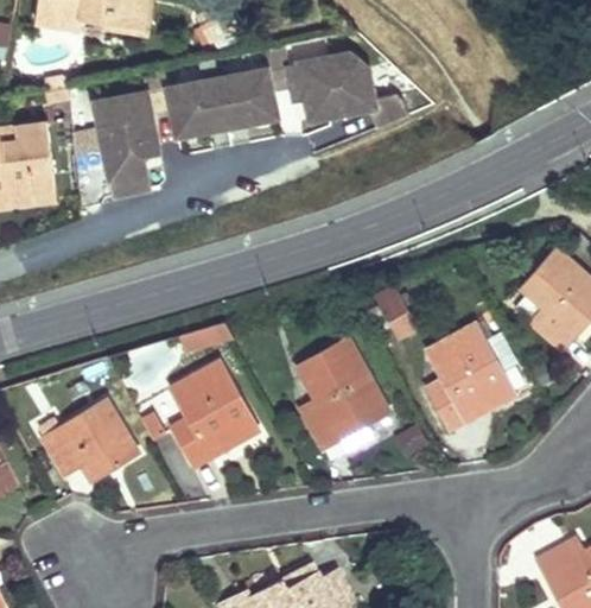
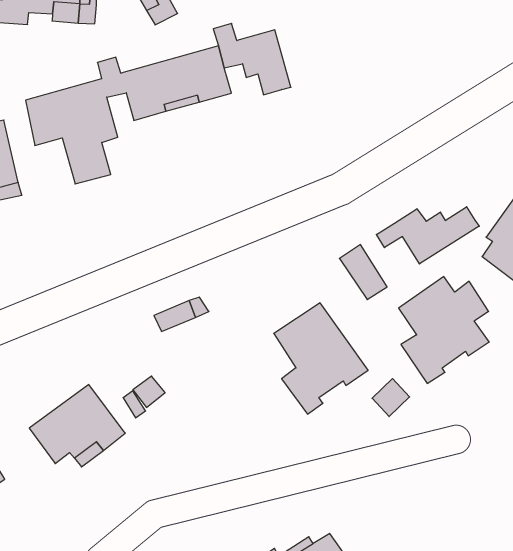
building: [329,56,411,132] -> none
building: none -> [376,207,479,264]
building: [171,361,259,467] -> none

